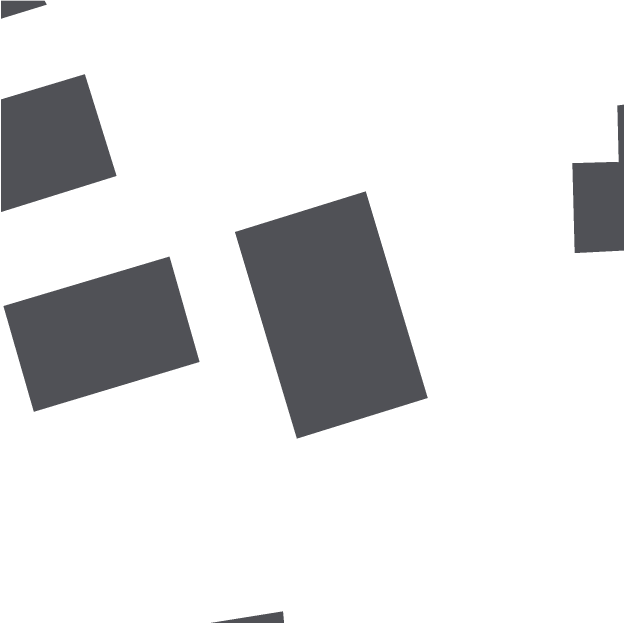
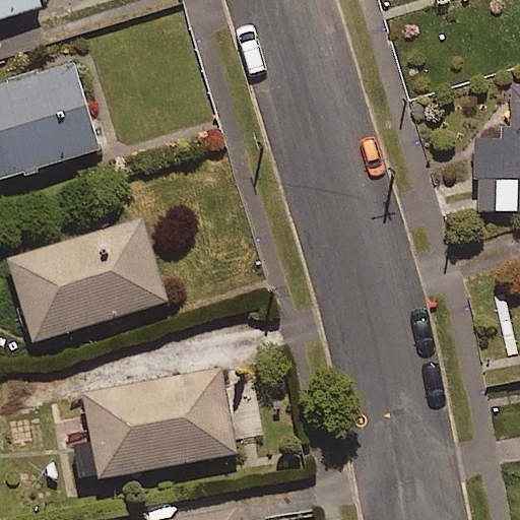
building: [234,190,428,440] -> none
building: none -> [82,369,235,477]

